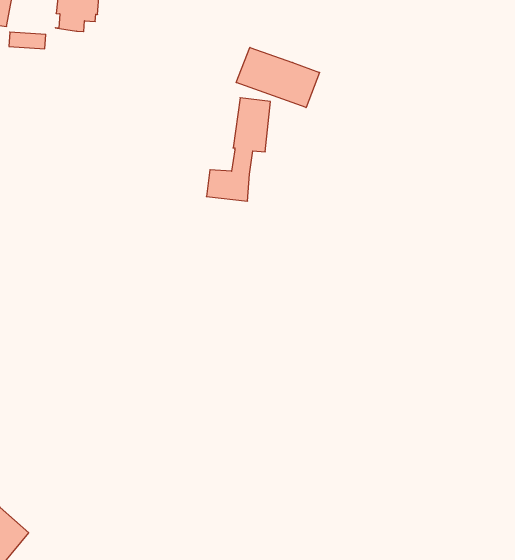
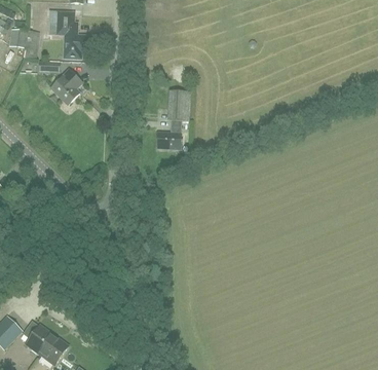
building: [236,47,320,108] -> none
building: none -> [50,69,80,104]

